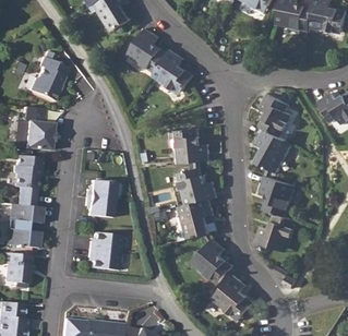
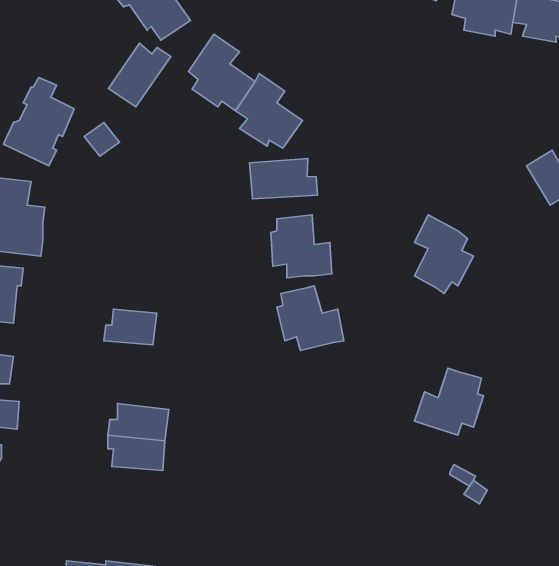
building: none -> [109,43,171,107]
building: [260,93,292,136] -> none
building: none -> [250,159,318,199]
building: [261,175,293,215] -> none
building: [84,197,111,217] -> none
building: [181,199,215,238] -> none
building: [197,238,233,281] -> none
building: [217,274,254,317] -> none

